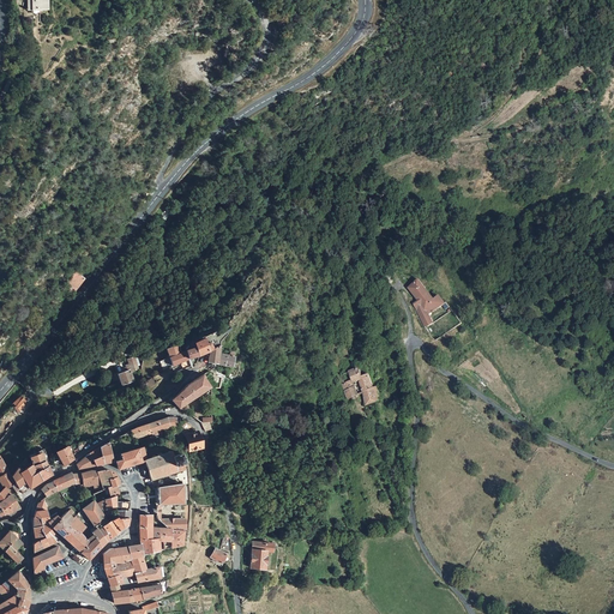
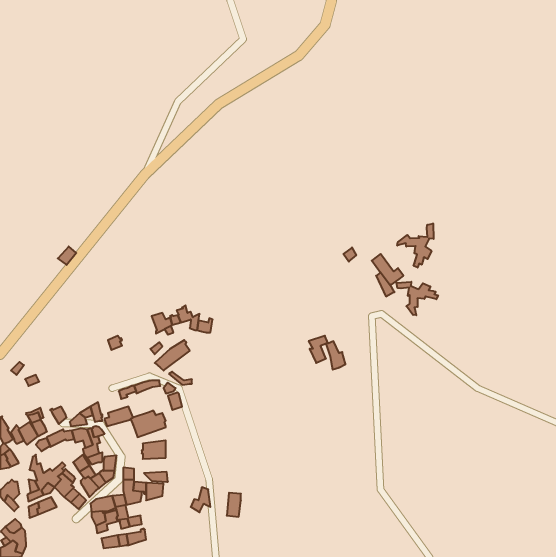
building: none -> [397,223,434,268]
building: none -> [397,282,438,315]

